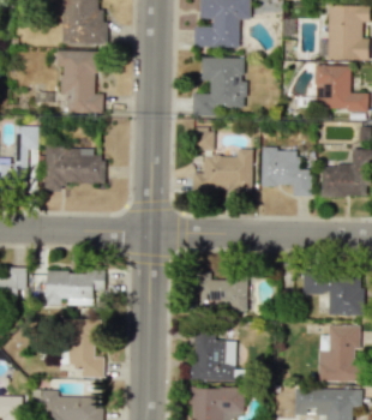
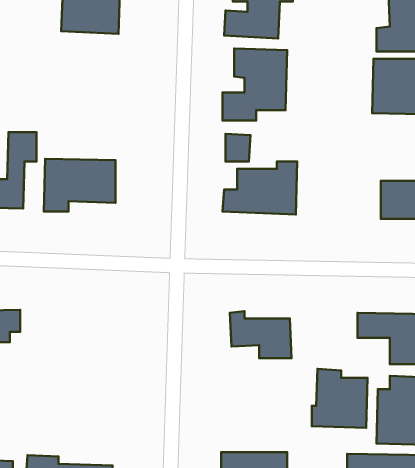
building: [58,49,104,113] -> none
building: [262,149,311,196] -> none
building: [47,270,106,304] -> none
building: [67,318,104,377] -> none
building: [191,332,236,380] -> [312,369,367,428]

